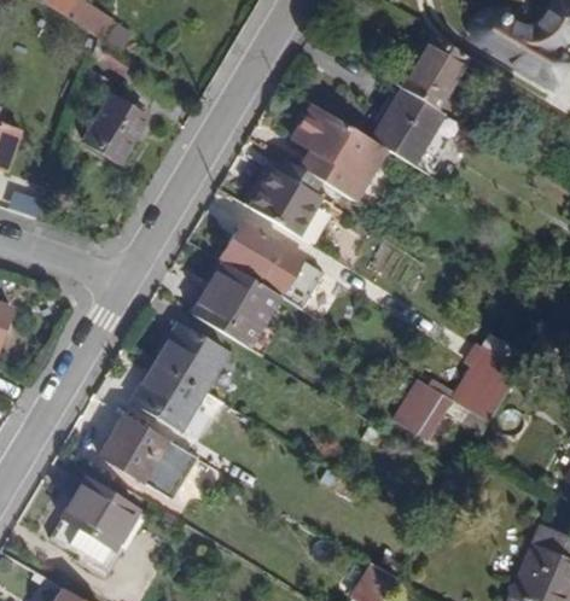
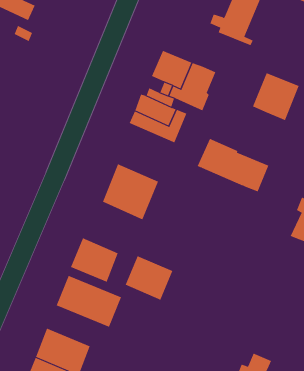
building: [86,87,152,156] -> none
building: [366,94,438,168] -> [252,72,299,121]
building: [215,220,319,308] -> [197,138,269,192]
building: [155,320,227,390] -> [125,255,173,300]
building: [394,383,452,444] -> none

